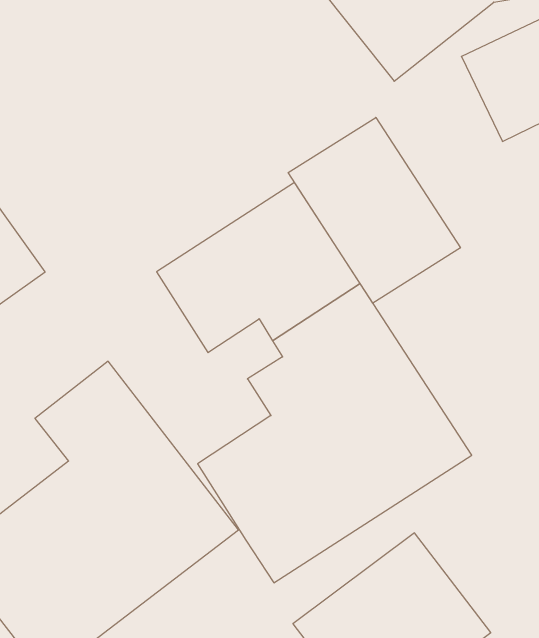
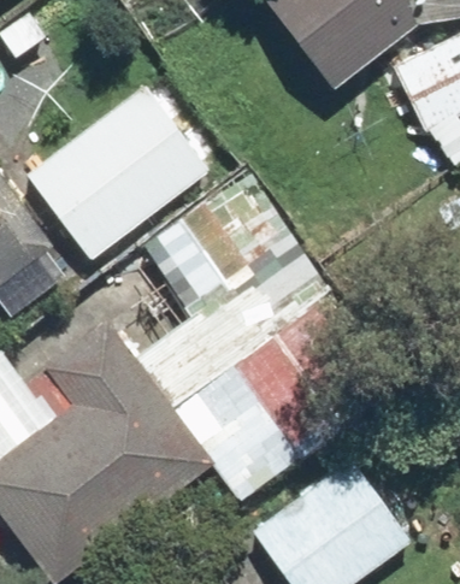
building: none -> [19,85,208,265]
building: [288,117,460,303] -> none

